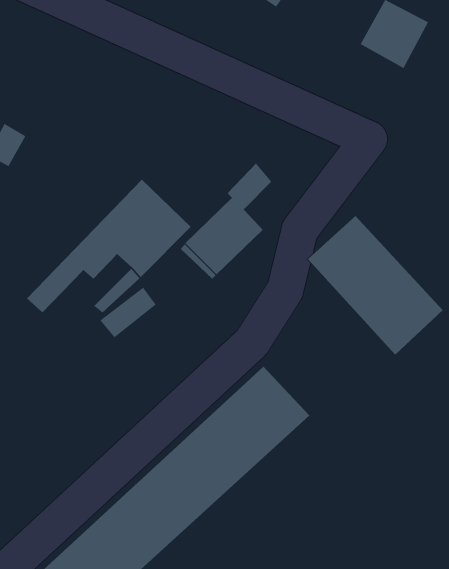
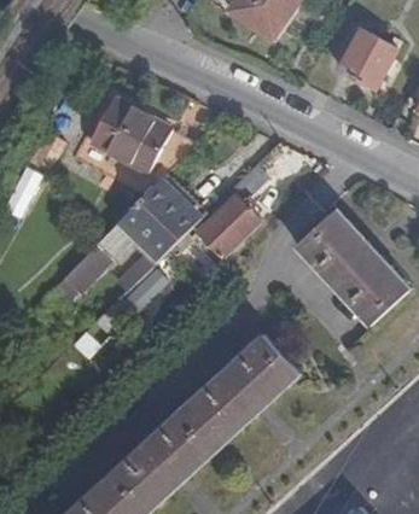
building: none -> [91,99,193,173]

